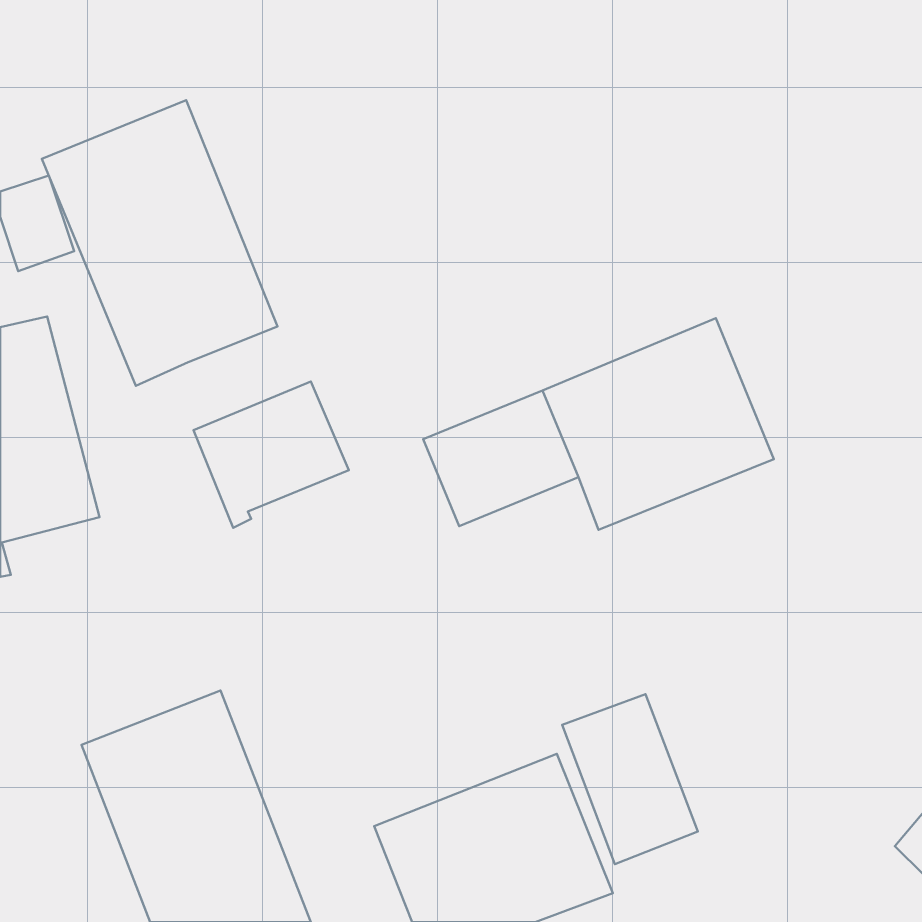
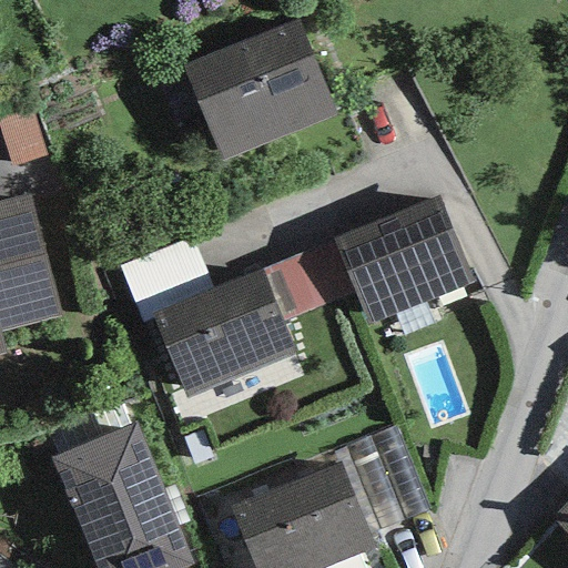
building: none -> [183,18,337,160]
building: [42,100,278,386] -> none
building: none -> [153,270,295,398]

